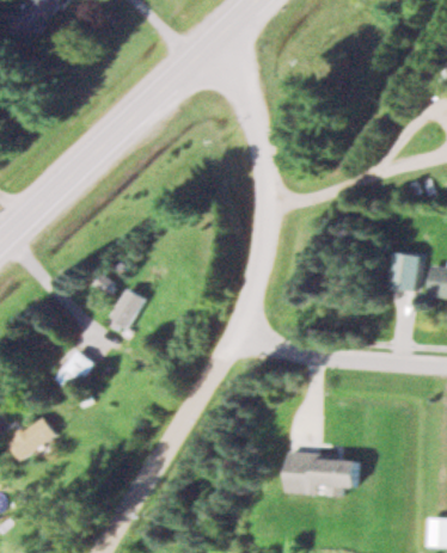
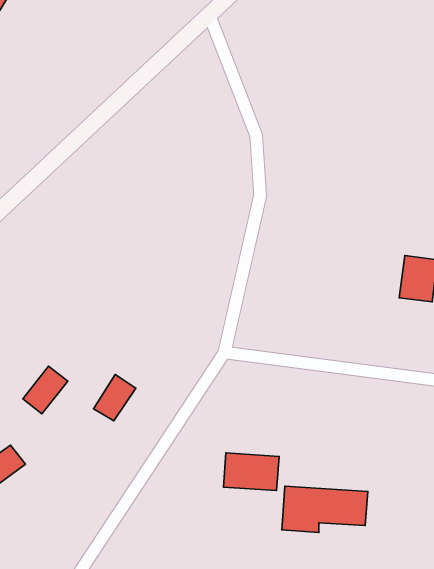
building: [109,287,146,327] -> [93,375,136,421]
building: none -> [224,453,279,491]

